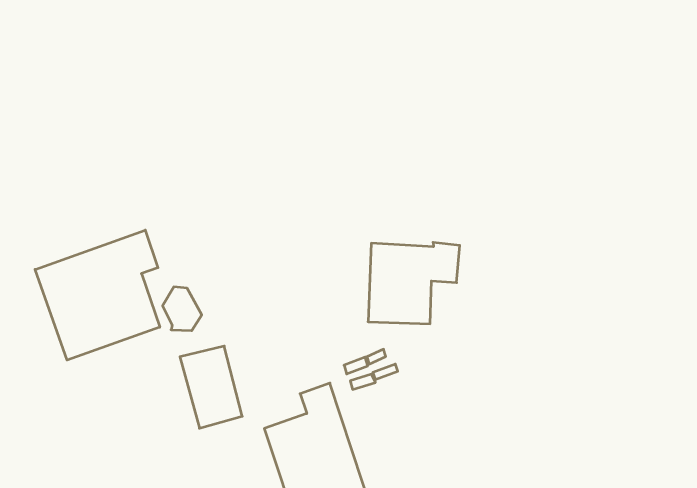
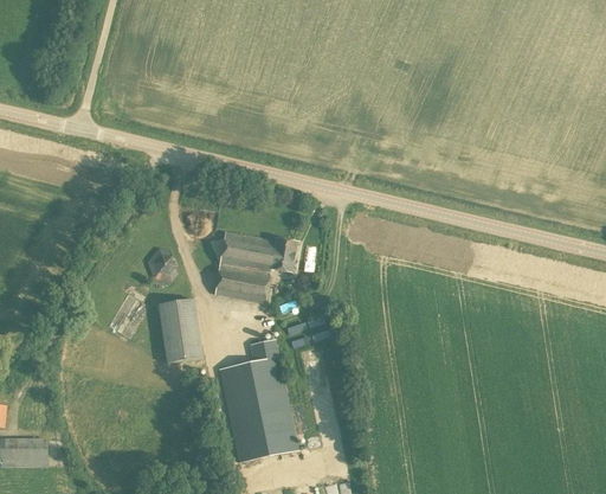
building: [35,230,160,360] -> none
building: [368,242,460,324] -> [215,232,296,302]

